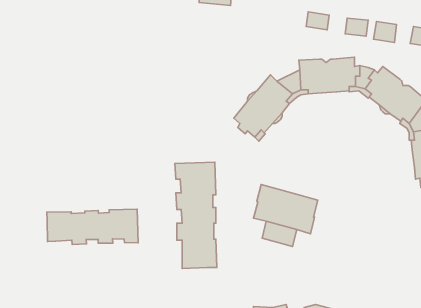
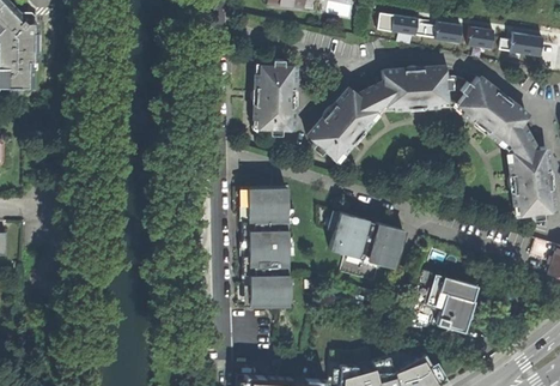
building: none -> [255,59,294,134]
building: [47,209,138,245] -> none
building: none -> [413,269,477,331]

